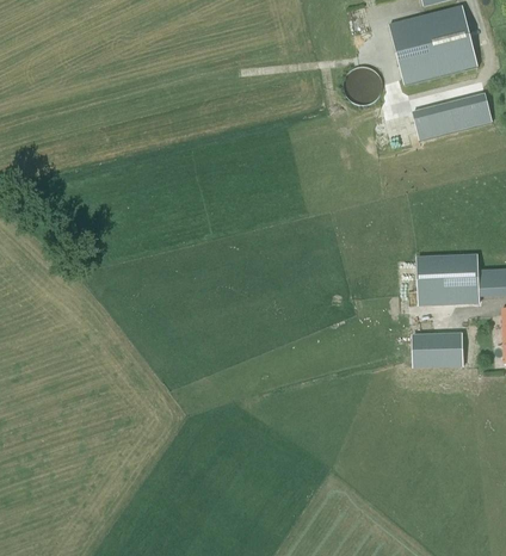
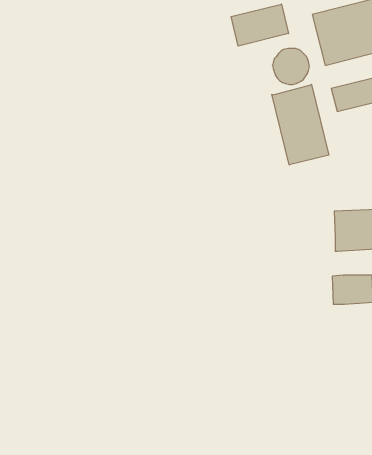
building: none -> [231,4,288,46]
building: none -> [272,84,329,165]

